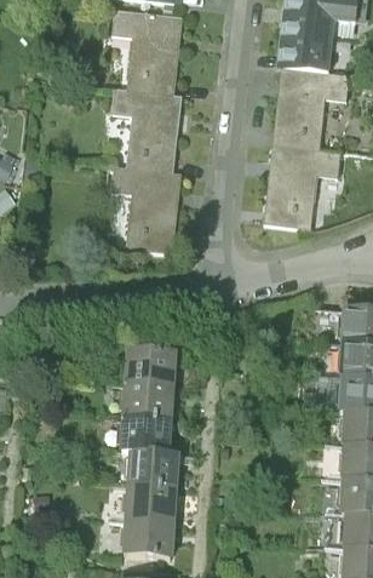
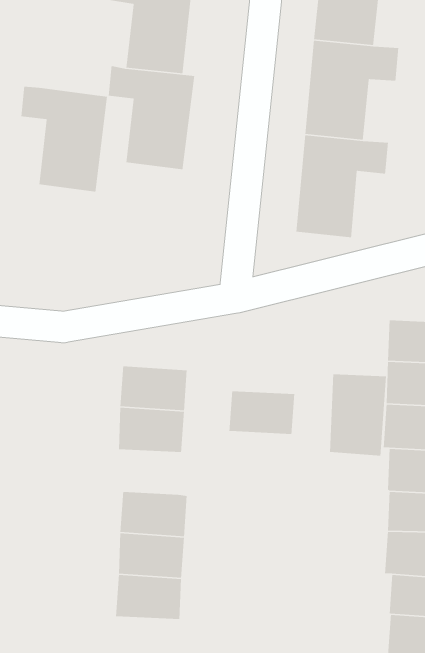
building: [110,171,182,258] -> [21,86,108,192]
building: none -> [329,373,387,457]
building: [117,407,172,443] -> [229,390,295,435]

